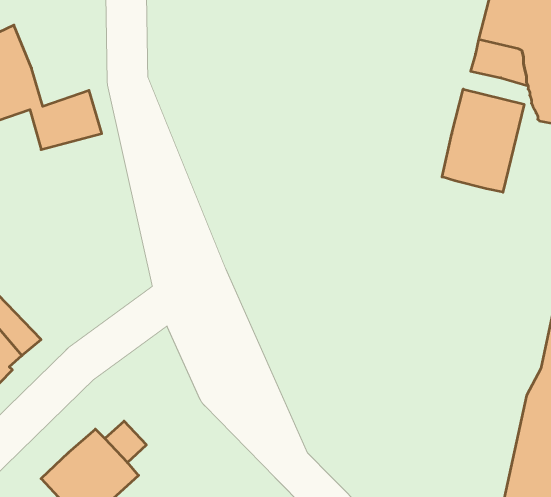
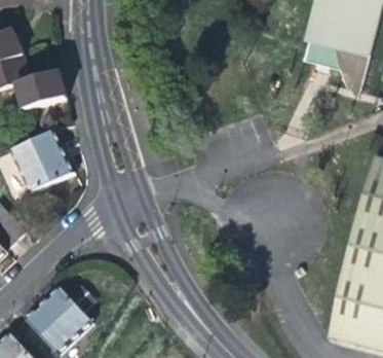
building: [442,89,524,192] -> none
building: none -> [11,130,75,193]

